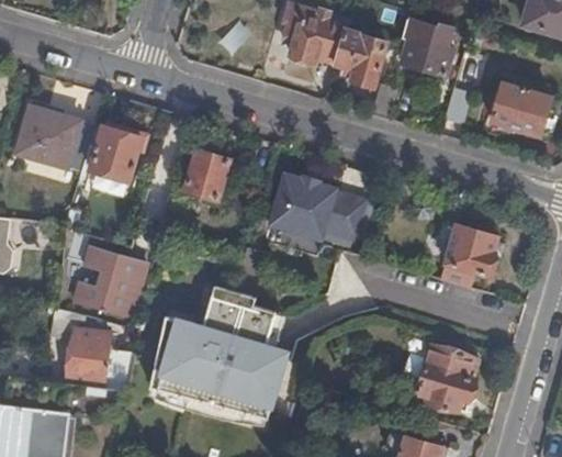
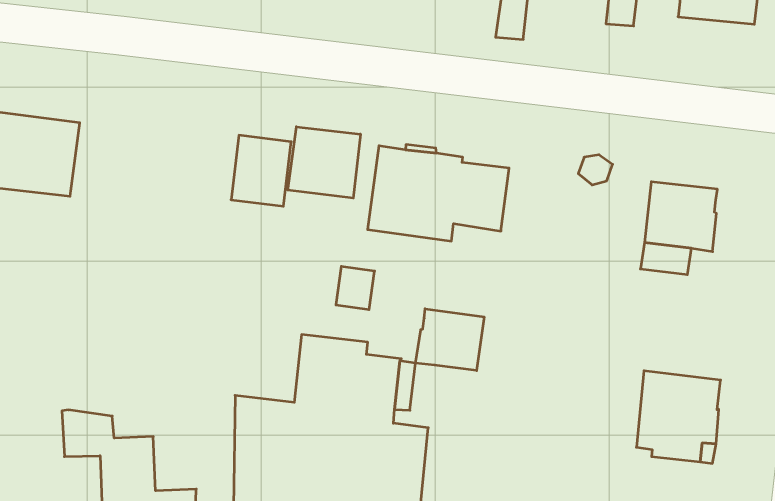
building: [82,122,142,180] -> none
building: none -> [288,127,360,198]
building: [72,246,146,316] -> none
building: none -> [416,309,484,371]

